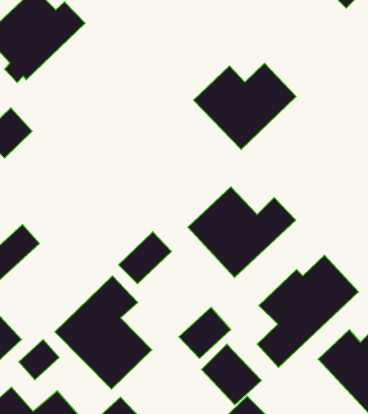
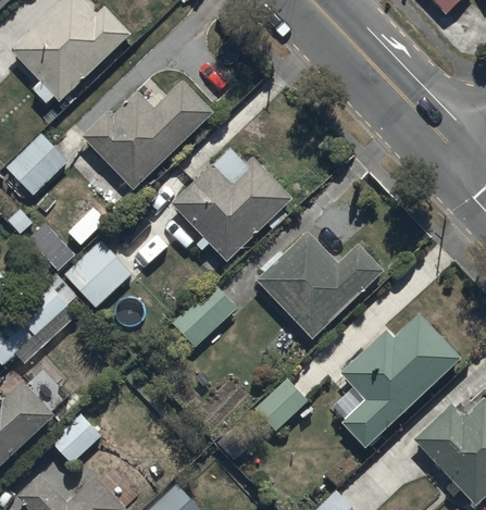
building: none -> [78,79,216,192]
building: [194,63,296,150] -> [170,159,294,263]
building: none -> [60,237,133,310]
building: [55,276,152,389] -> none
building: [201,344,261,405] -> none

